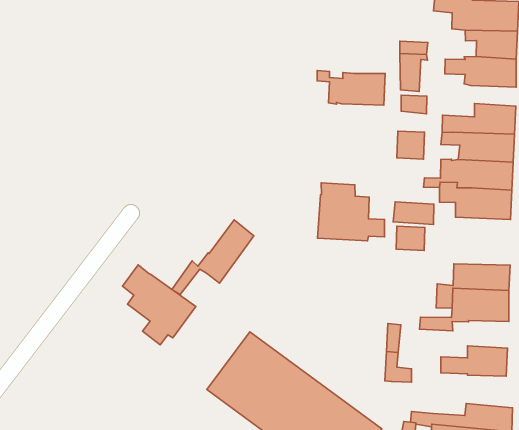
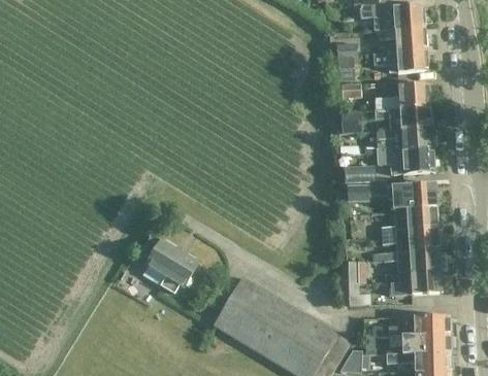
building: [317,70,385,105] -> none
building: [318,183,385,241] -> none
building: [172,220,254,295] -> none
building: none -> [386,183,436,210]
building: none -> [396,250,441,272]

